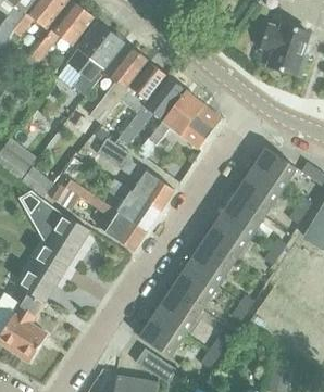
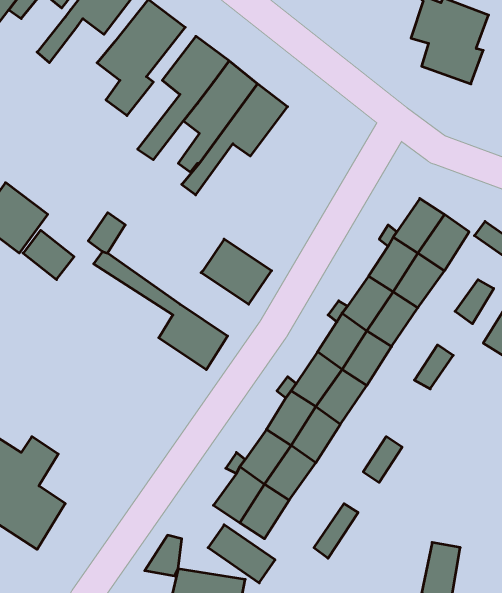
building: [138,90,221,157] -> none
building: [97,128,145,179] -> none
building: [109,179,161,231] -> none
building: [18,190,90,302] -> none

